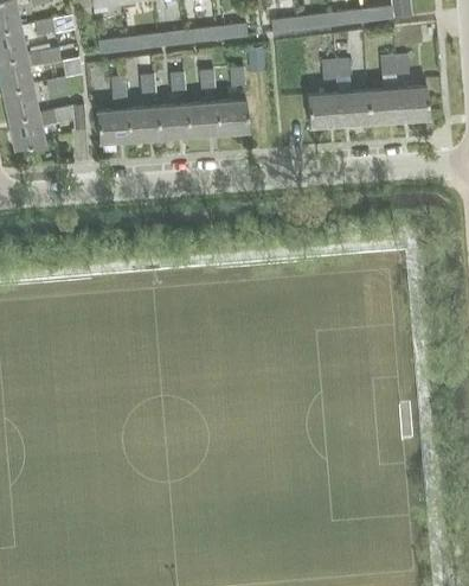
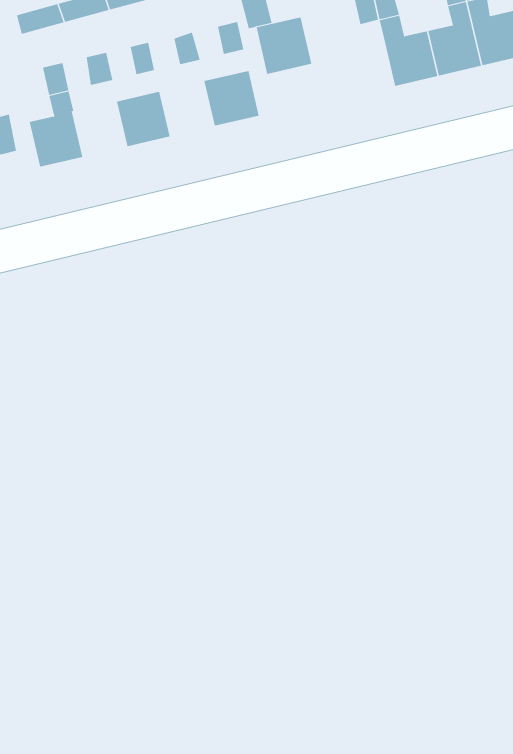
building: [307,93,340,127] -> [256,17,312,75]
building: [186,102,218,135] -> none
building: [127,107,159,140] -> none

